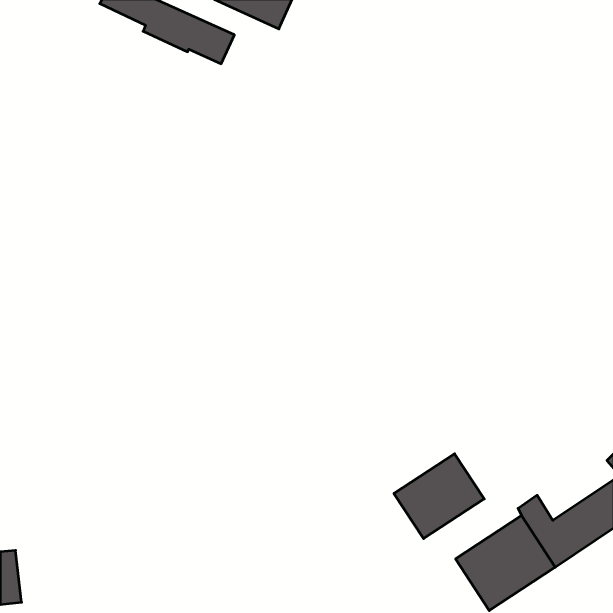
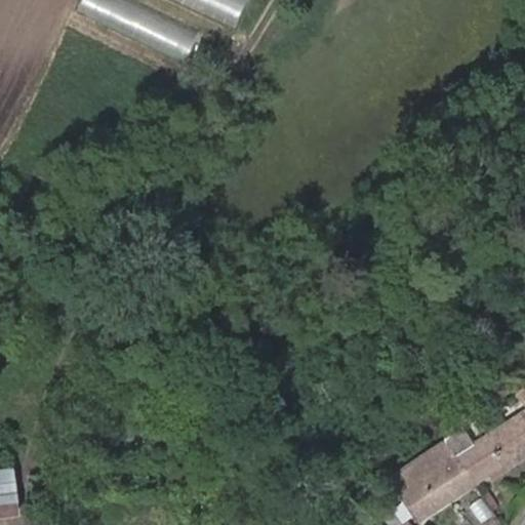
building: [394,454,484,539] -> none

